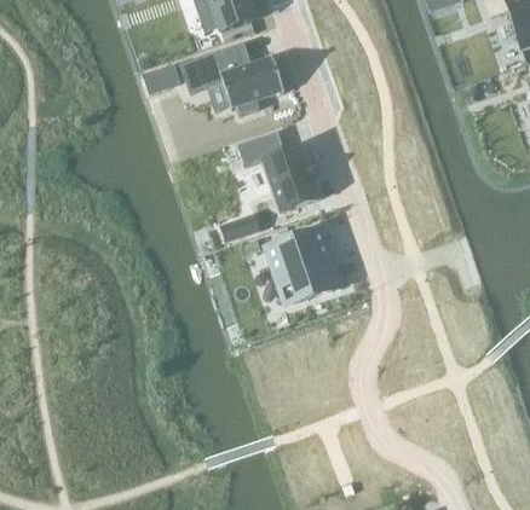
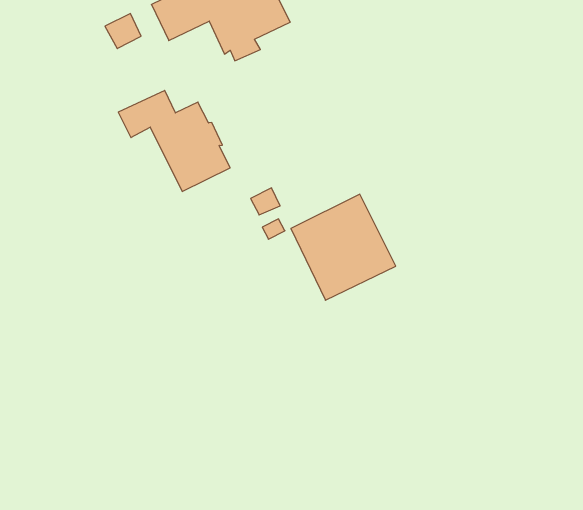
building: [243,133,323,211] -> [118,90,230,191]

